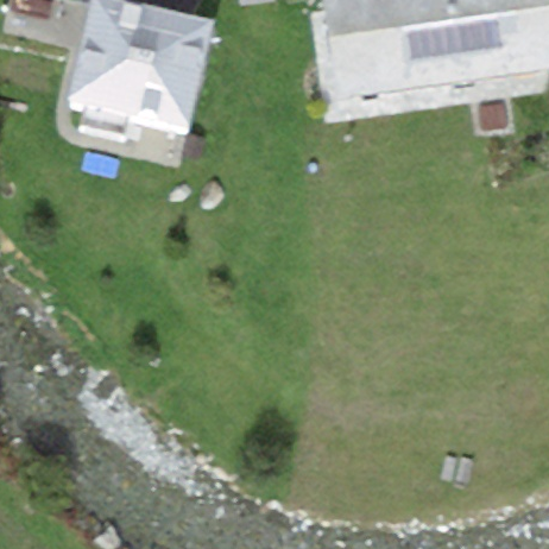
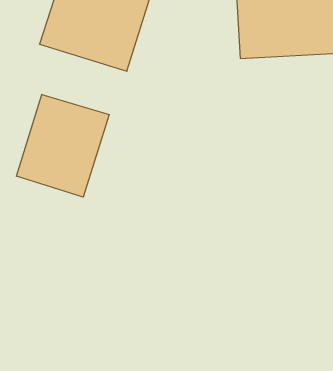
building: none -> [16,94,109,197]

